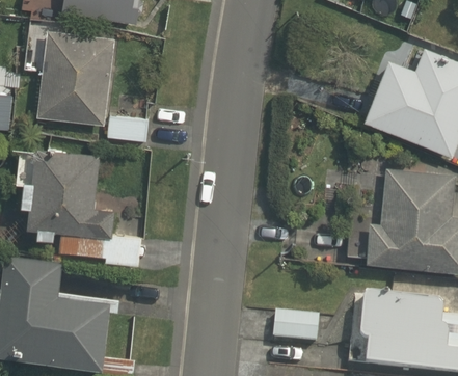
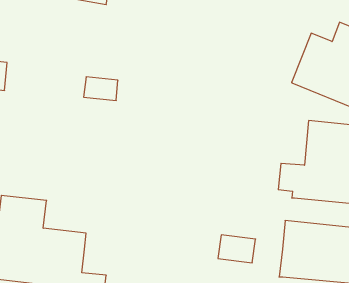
building: [37,30,114,124] -> none
building: [16,146,142,265] -> none

